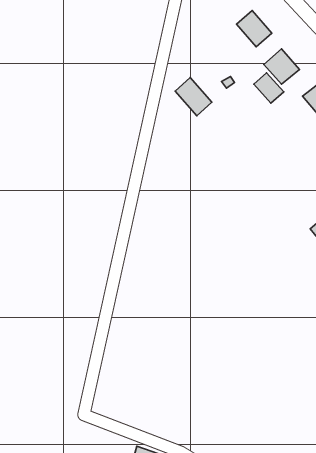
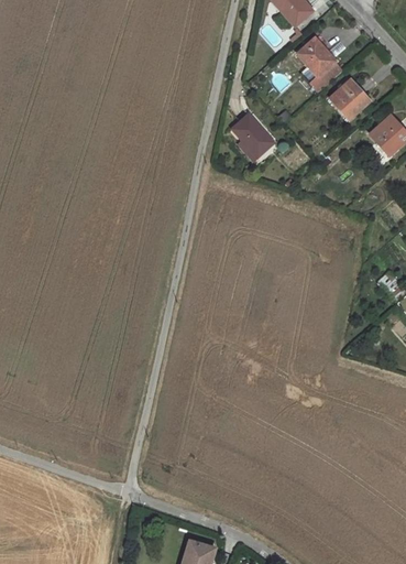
building: [254,73,284,103] -> none

